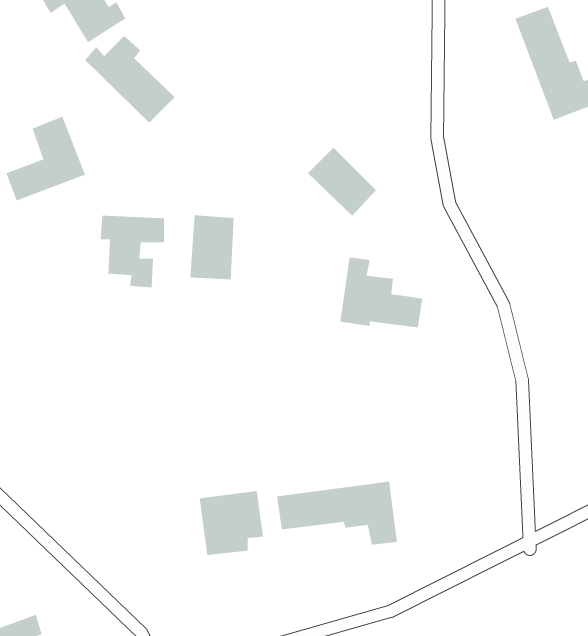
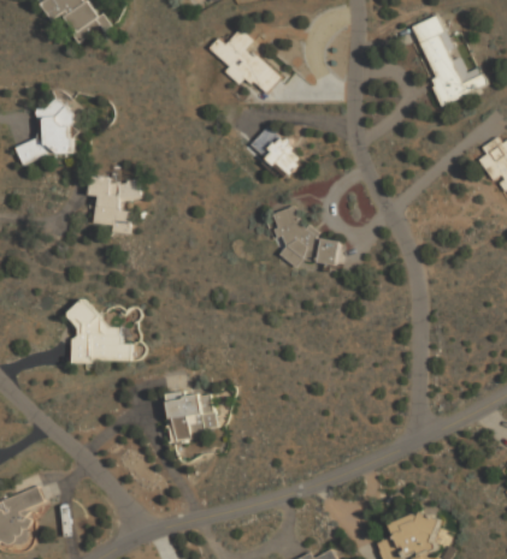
building: [84,35,175,123] -> [208,29,279,97]
building: [190,215,234,280] -> none
building: none -> [71,304,130,361]
building: [276,481,397,545] -> none

